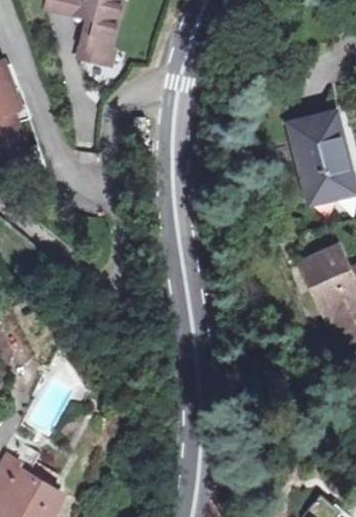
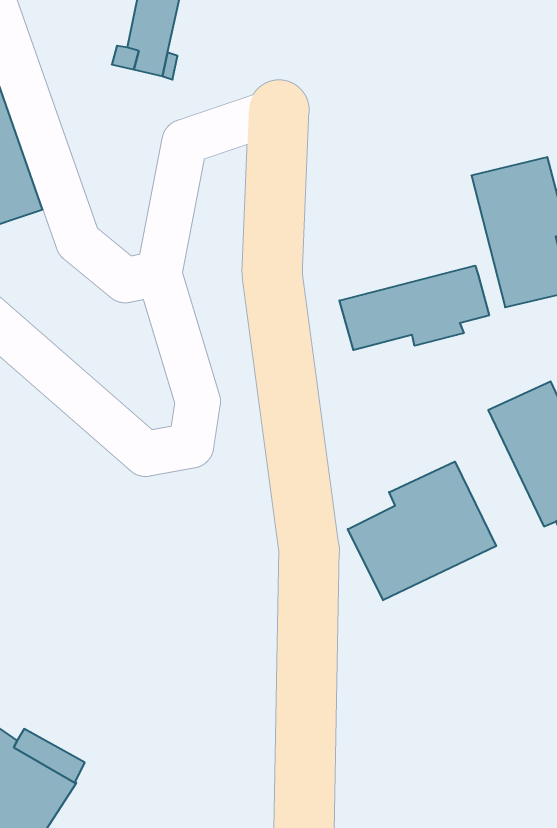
building: none -> [339,266,489,350]
building: none -> [348,462,496,600]

